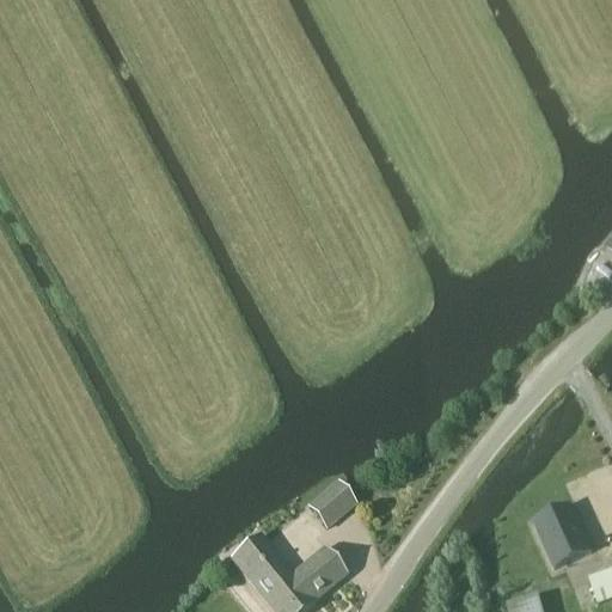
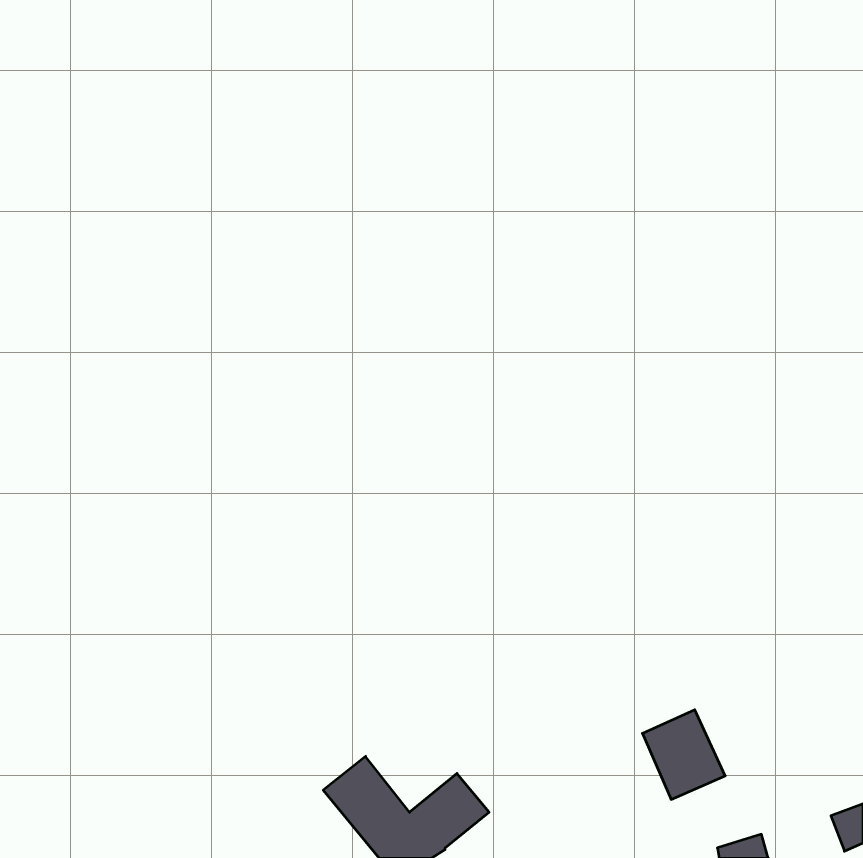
building: [307,482,354,527] -> none
building: [533,502,592,565] -> [642,710,725,799]

